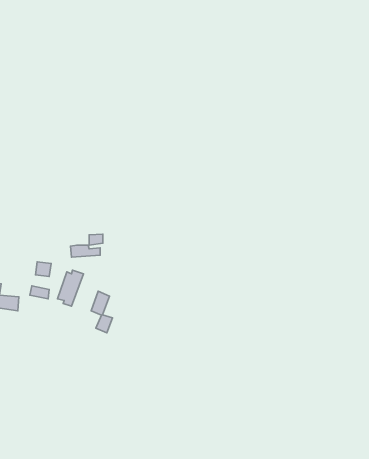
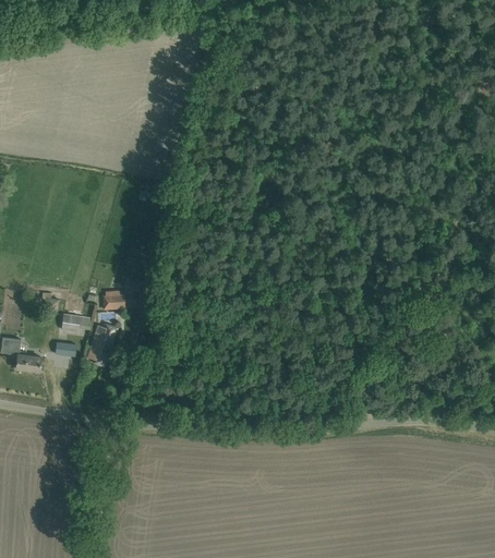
building: [91,291,112,333] -> none

